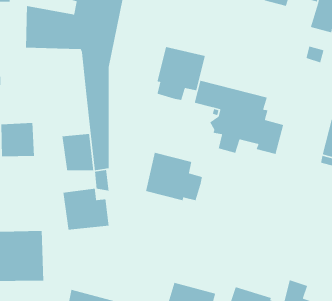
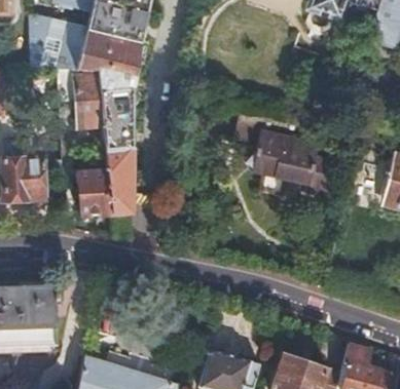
building: [157,46,206,101] -> none
building: none -> [68,73,103,125]
building: [145,152,203,201] -> none
building: [62,188,109,231] -> none

